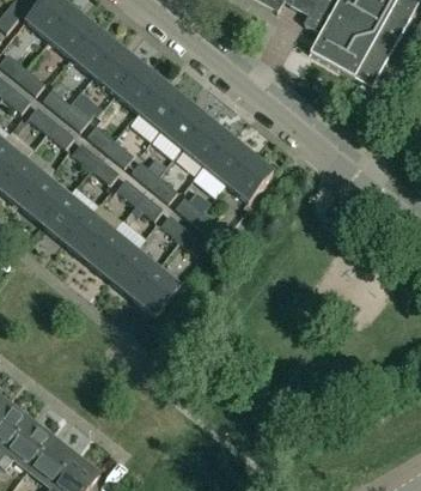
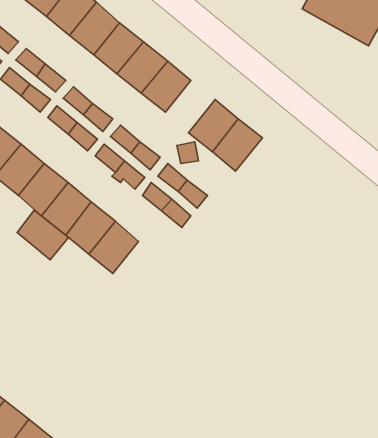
building: [182,117,228,166] -> none
building: none -> [17,210,68,260]
building: [133,268,179,316] -> none

